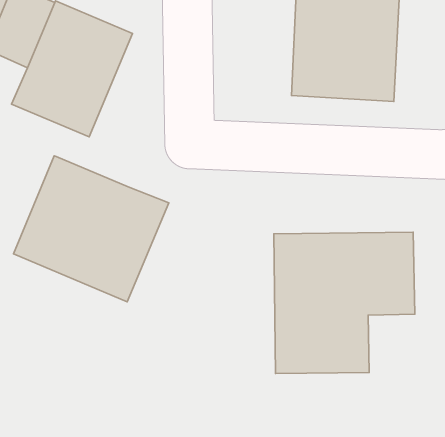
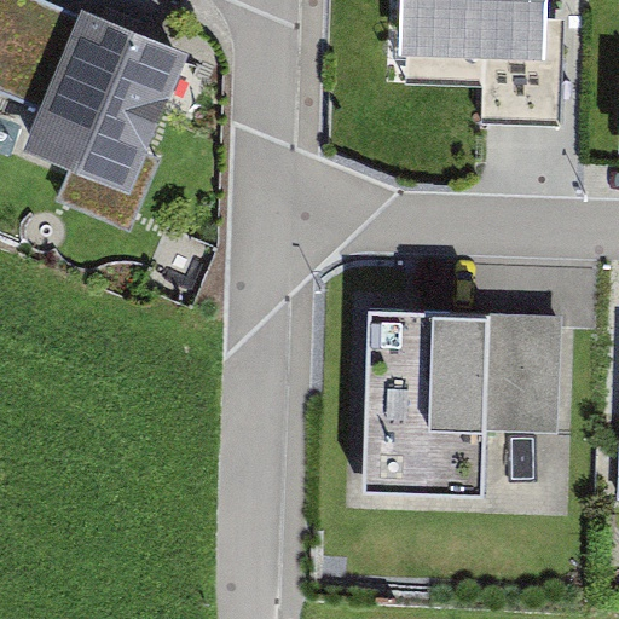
building: [13,156,169,302] -> none

